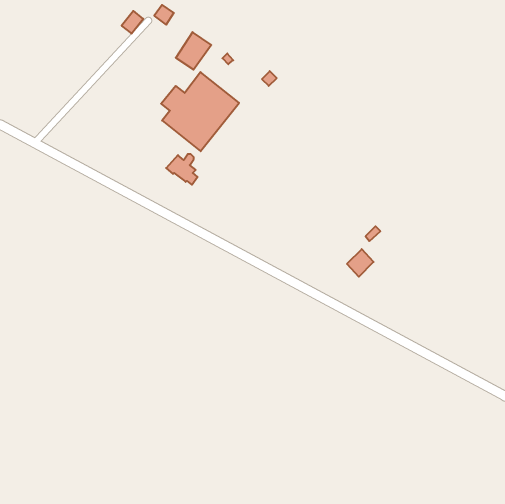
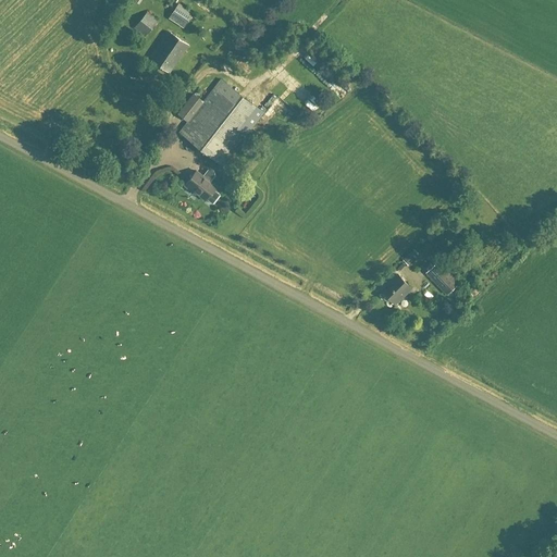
building: [176,32,211,70] -> [149,32,188,73]
building: none -> [425,261,458,294]

